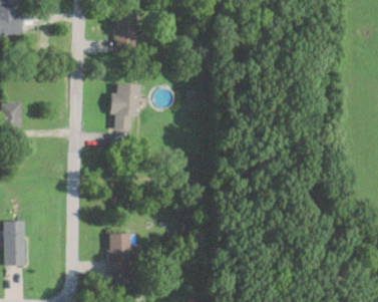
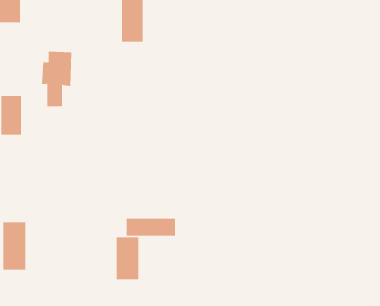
building: [110,82,139,134] -> [41,51,72,107]
building: none -> [126,218,175,237]

